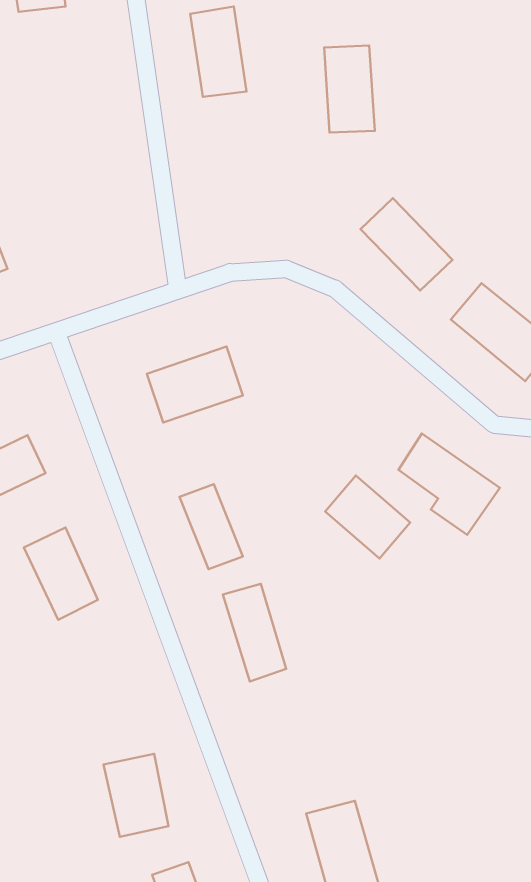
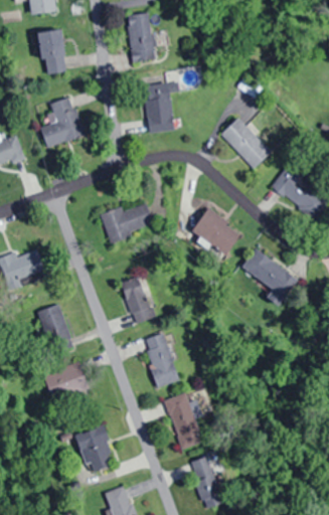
building: none -> [37,28,67,74]
building: [324,46,375,132] -> [145,83,173,132]
building: none -> [40,96,85,147]
building: [325,475,410,559] -> [192,209,239,255]
building: none -> [42,359,90,402]
building: none -> [165,392,204,450]

